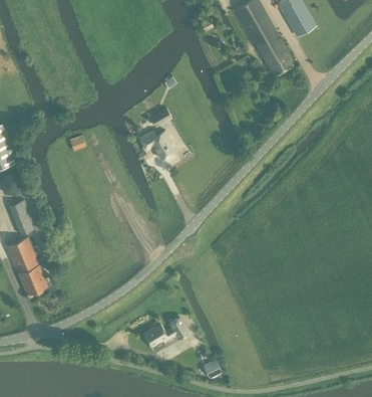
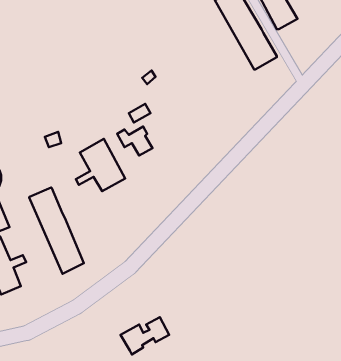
building: none -> [76,139,125,191]
building: none -> [29,187,84,274]

